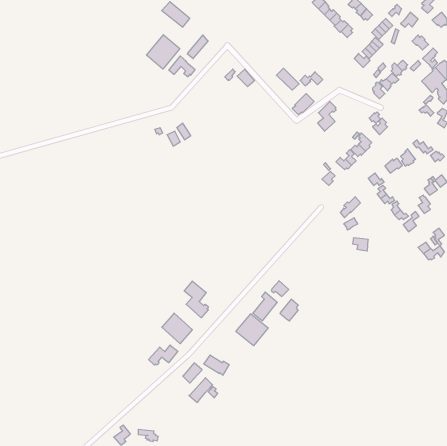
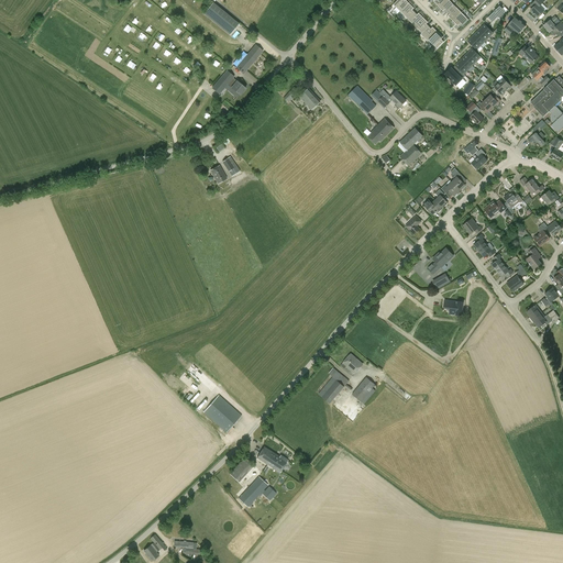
building: [147,35,180,69] -> none
building: [184,281,208,318] -> none
building: [236,314,268,346] -> none
building: [149,345,178,365] -> none

